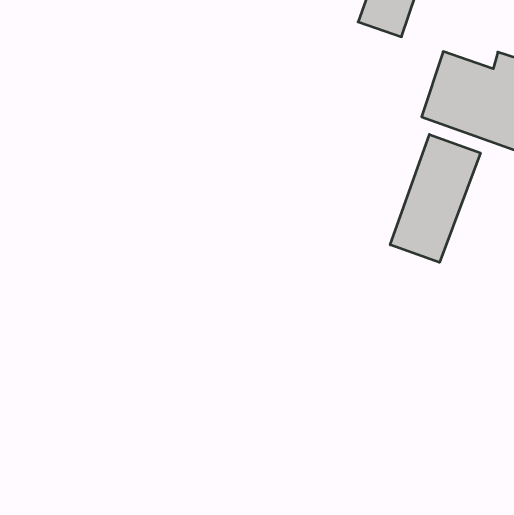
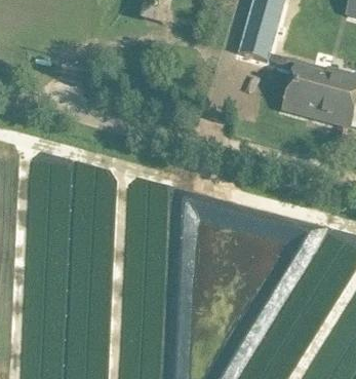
building: [390,134,480,262] -> none

